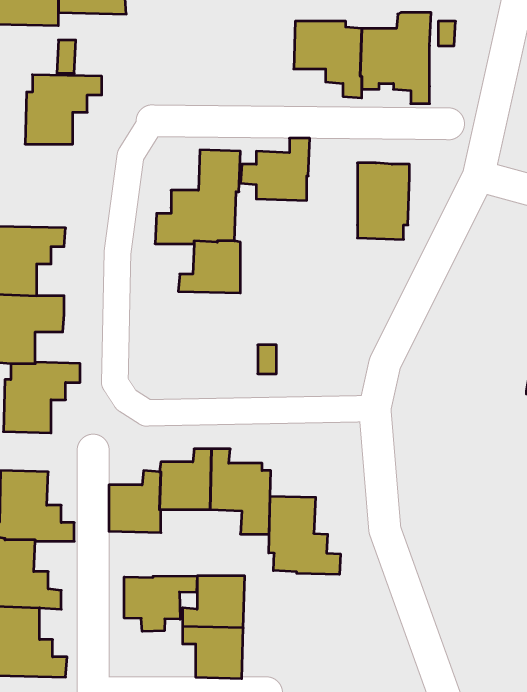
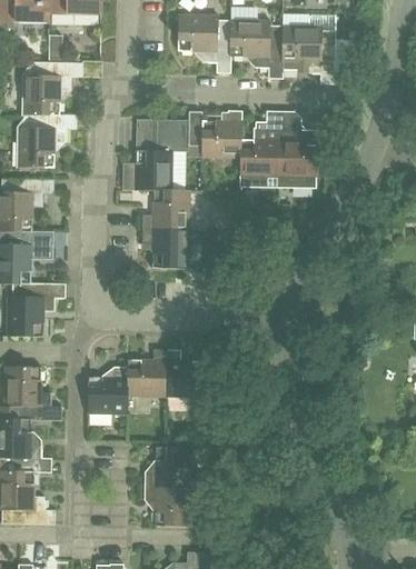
building: none -> [176,13,230,72]
building: none -> [17,112,76,166]
building: none -> [238,120,278,186]
building: none -> [140,227,188,267]
building: [269,496,340,574] -> none
building: [124,576,197,631] -> none

